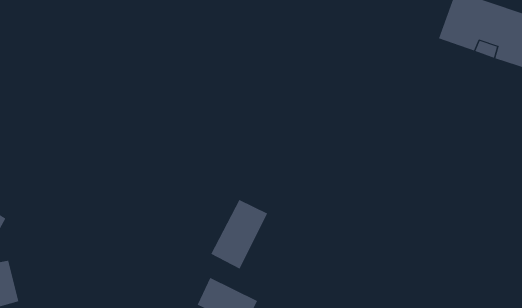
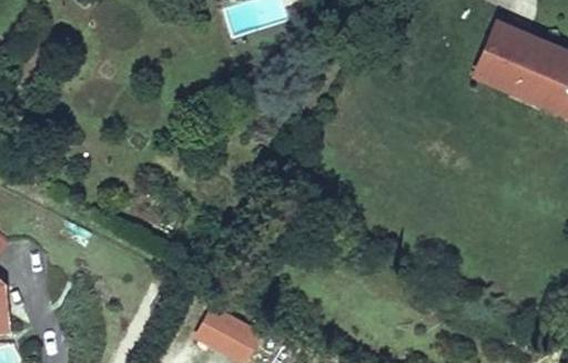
building: [211,199,268,269] -> none

